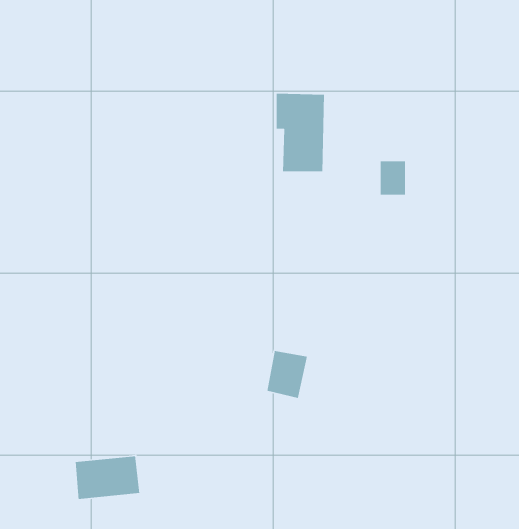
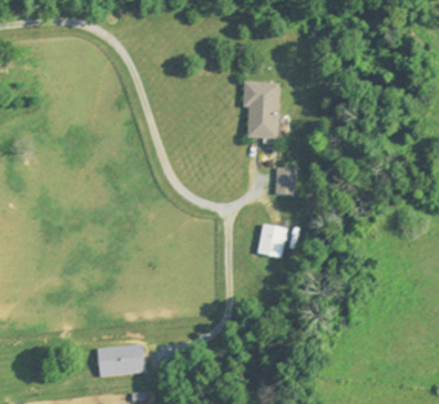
building: [380,160,406,195] -> [276,168,295,194]
building: [267,350,308,399] -> [257,224,287,259]

